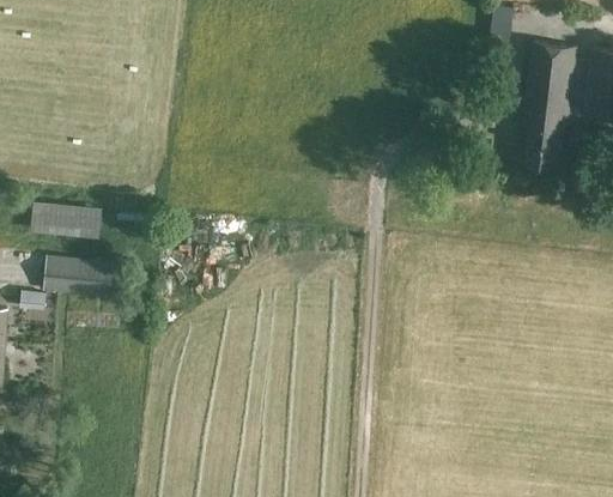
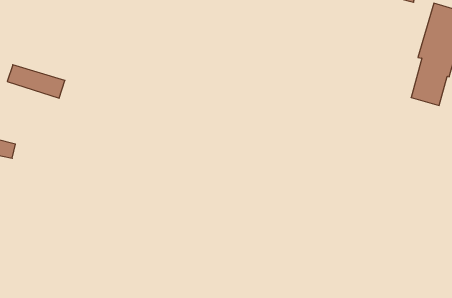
building: [45,256,115,299] -> none

